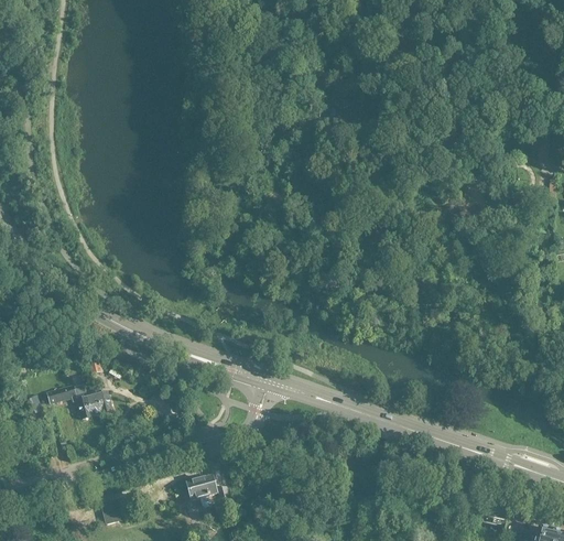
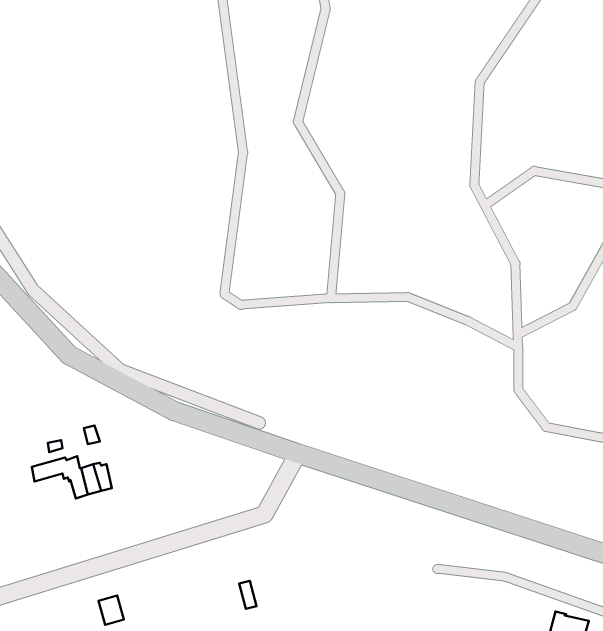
building: [188,477,218,509] -> none

